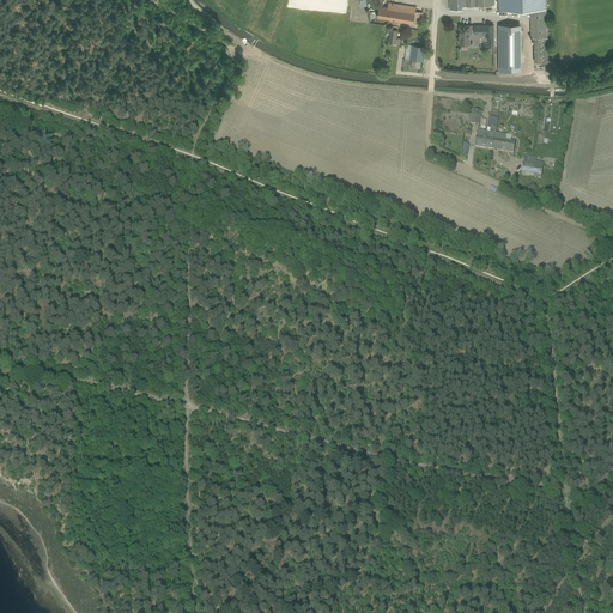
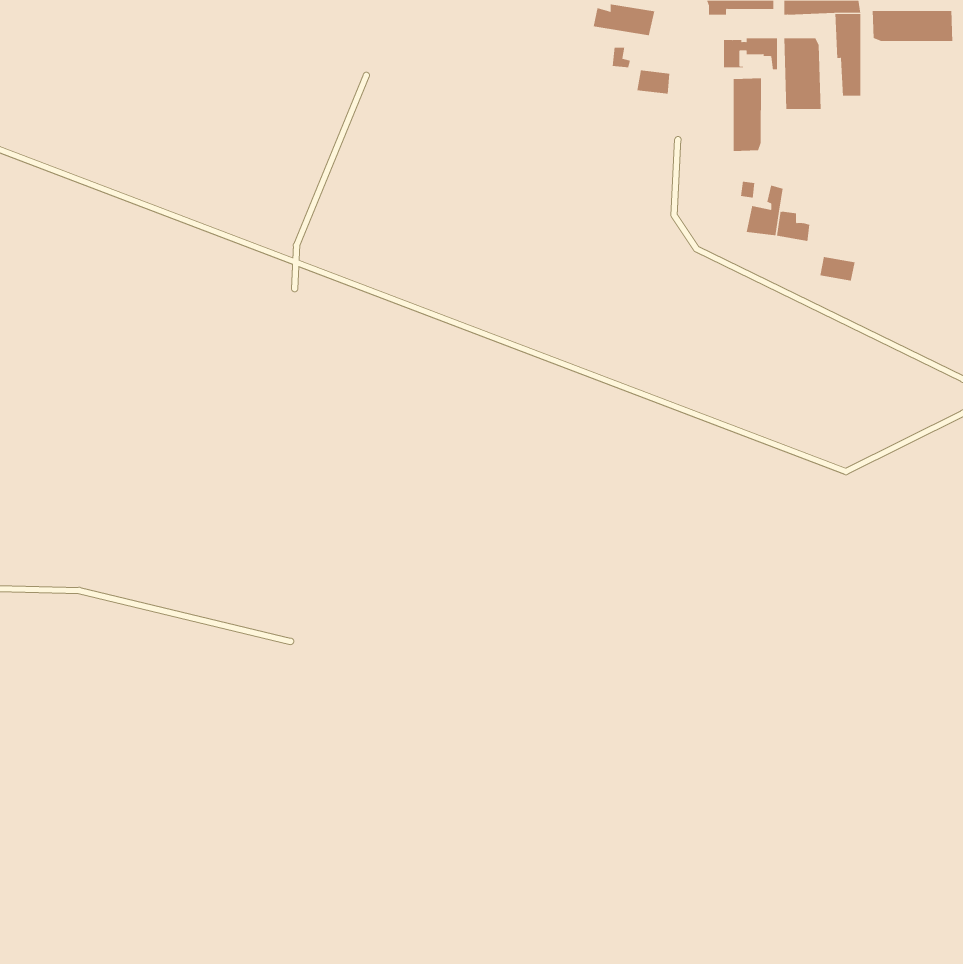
building: none -> [872,10,953,42]
building: none -> [733,77,761,152]

